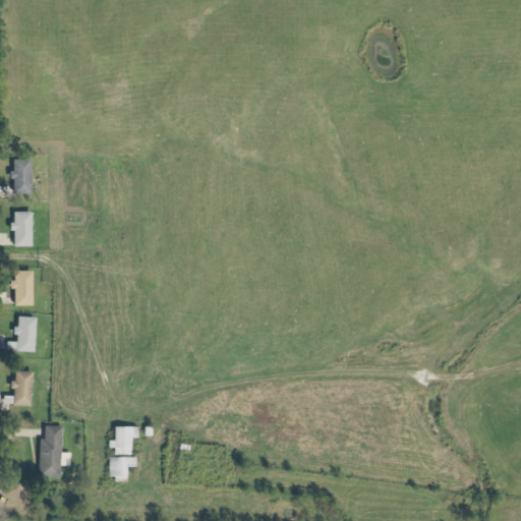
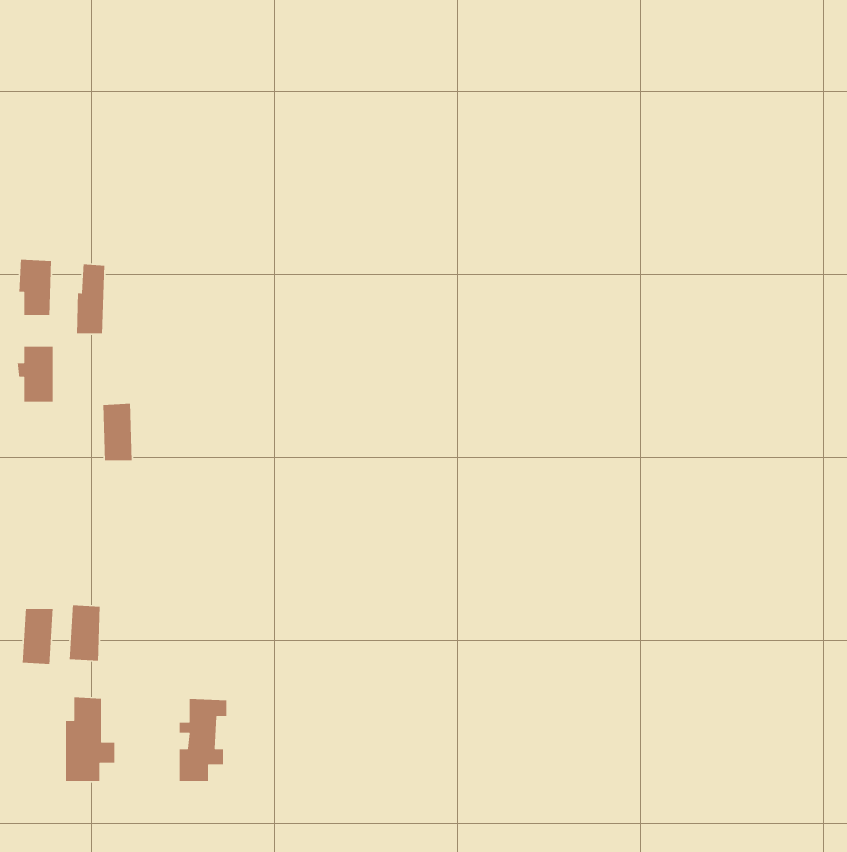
building: none -> [76,264,105,334]
building: [15,270,34,305] -> [103,403,133,461]
building: [16,315,36,350] -> [69,605,101,661]

